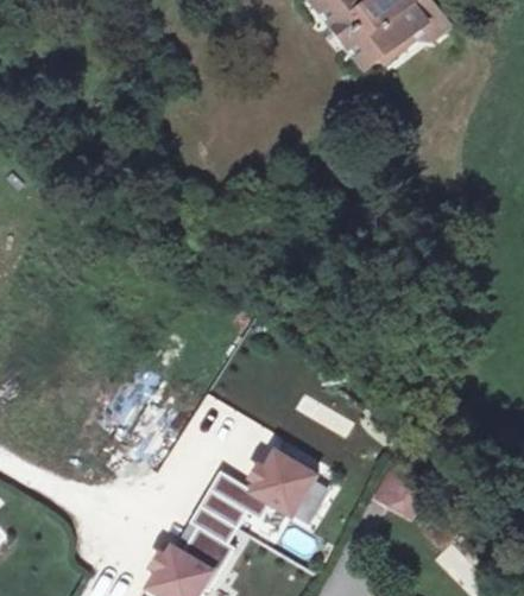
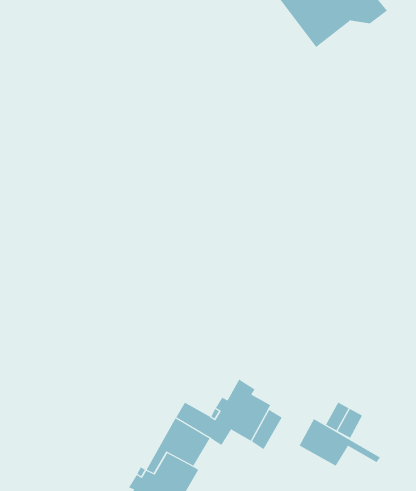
building: none -> [299,418,381,467]

